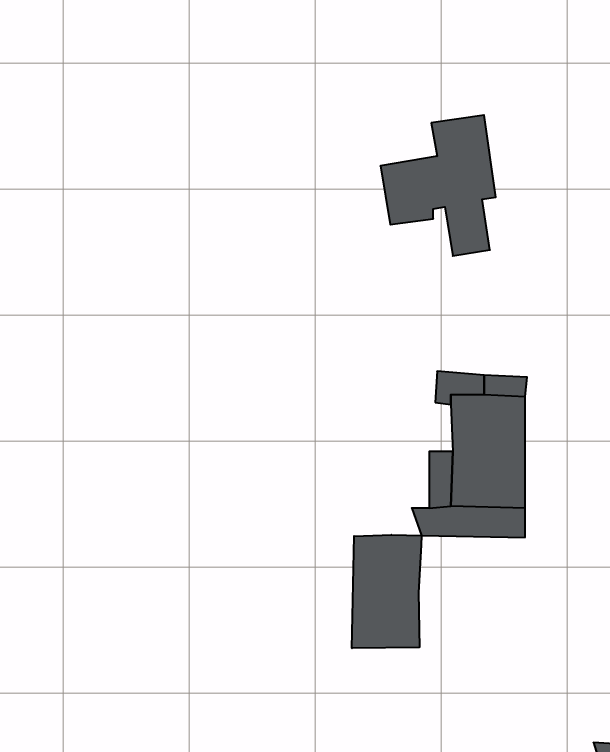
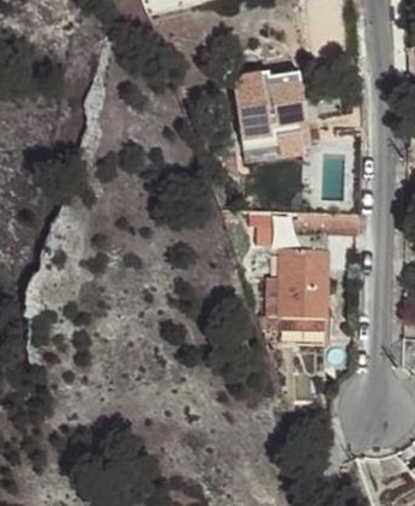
building: [352,535,421,648] -> none

